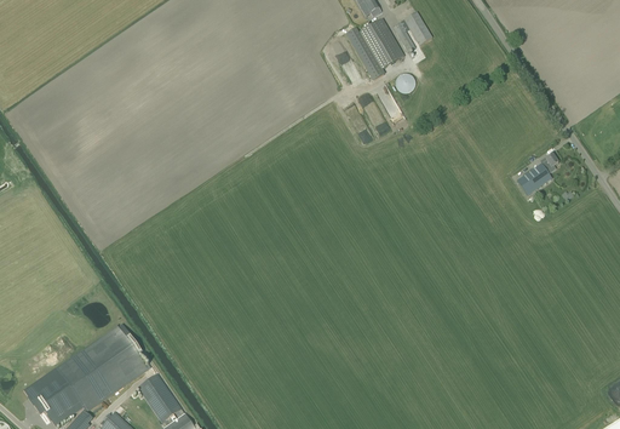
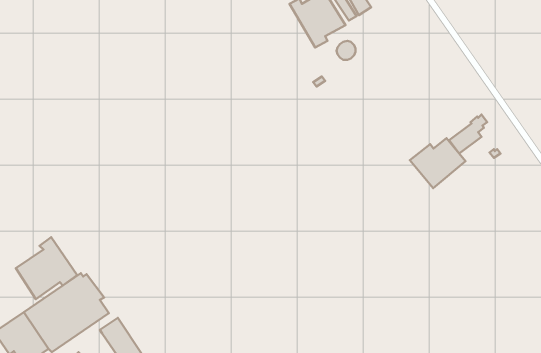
building: none -> [410,138,465,188]
building: none -> [16,237,77,299]

